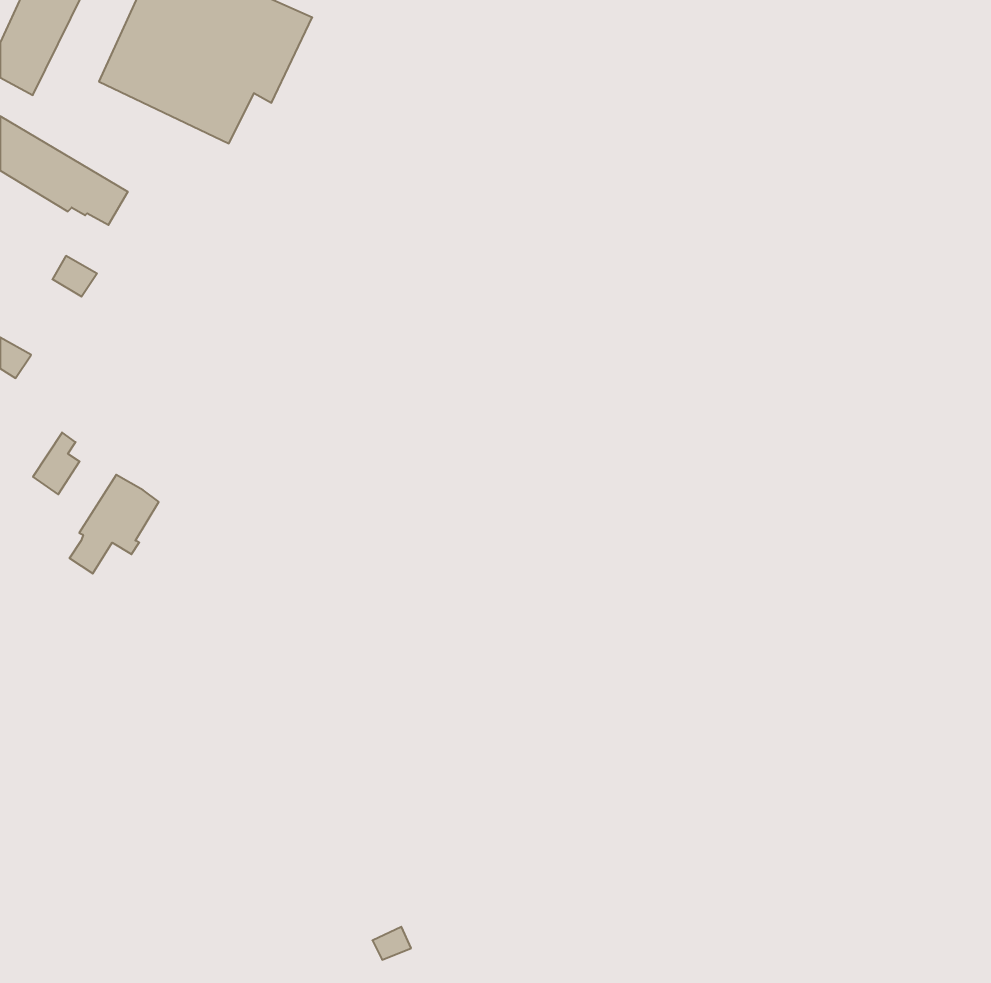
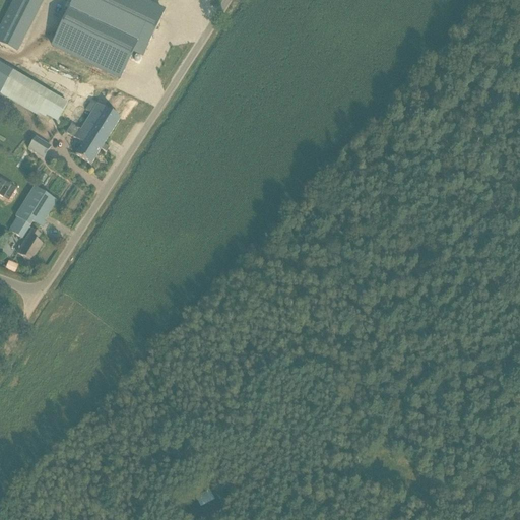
building: none -> [66,98,120,161]
building: [69,475,159,574] -> [9,184,56,236]

